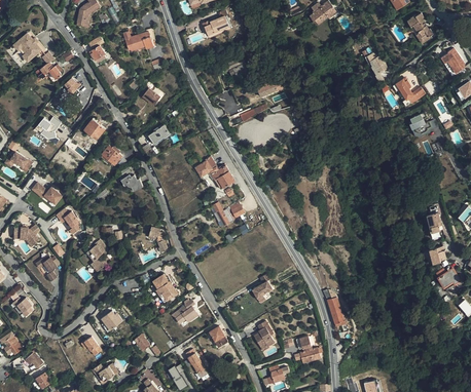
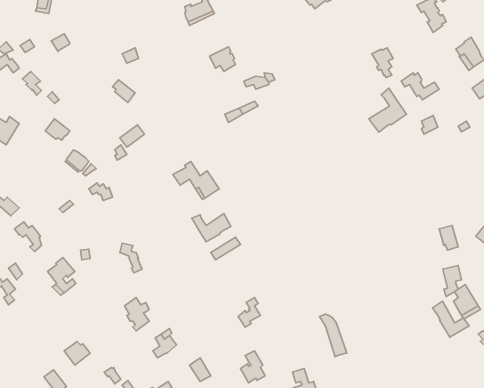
building: [122,30,154,50] -> none
building: none -> [369,88,406,132]
building: none -> [433,301,469,337]

